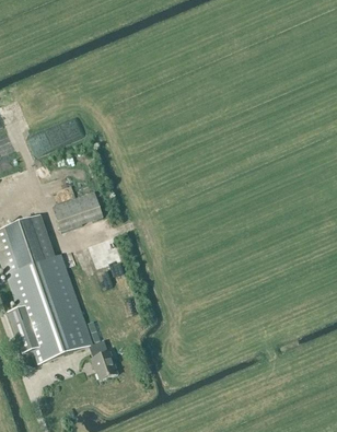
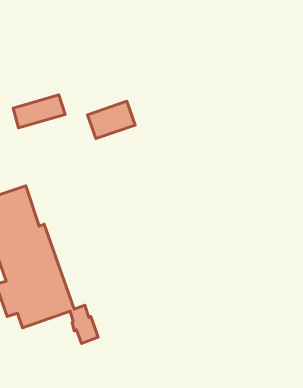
building: [53,191,103,231] -> [87,101,135,139]

